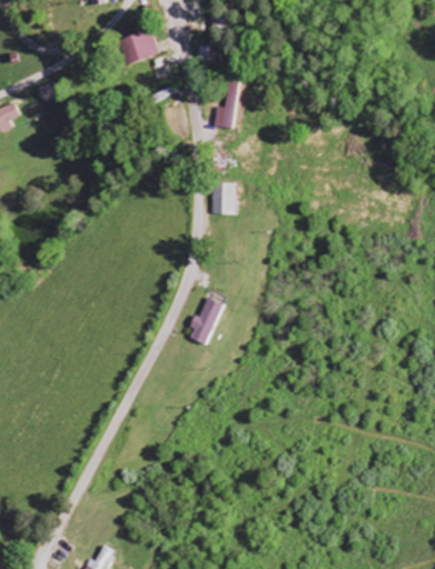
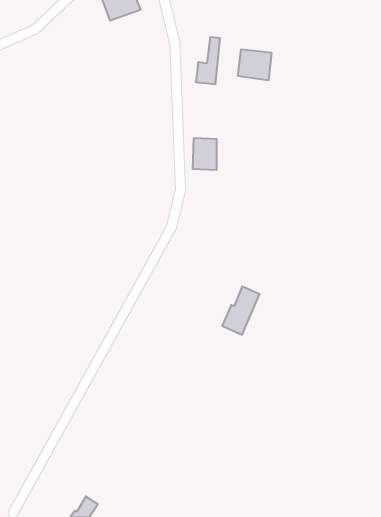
building: none -> [238,49,271,80]
building: [187,297,225,346] -> [222,286,260,335]

